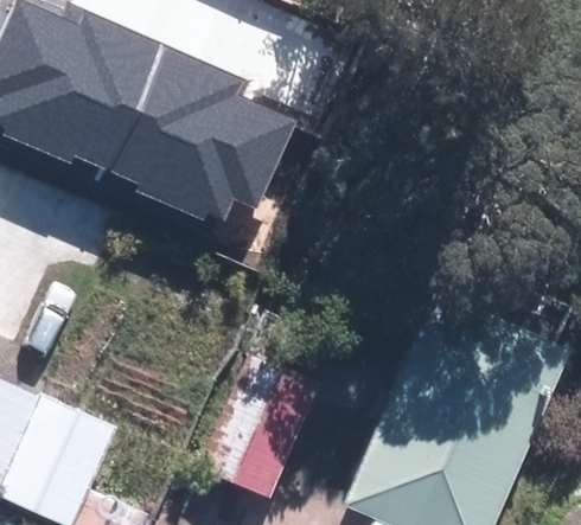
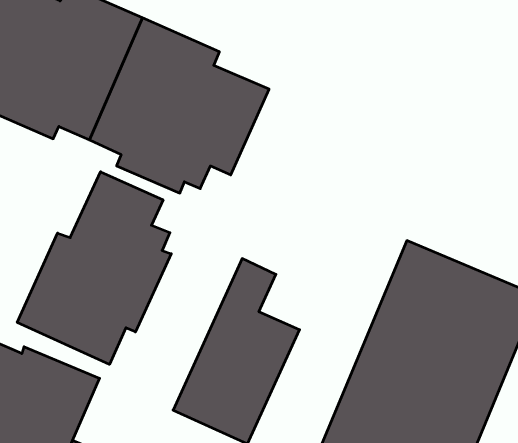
building: none -> [17,172,171,364]

